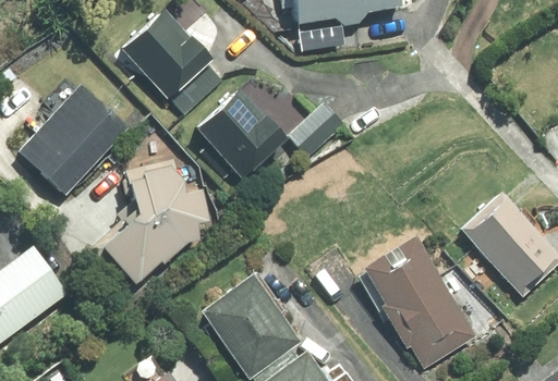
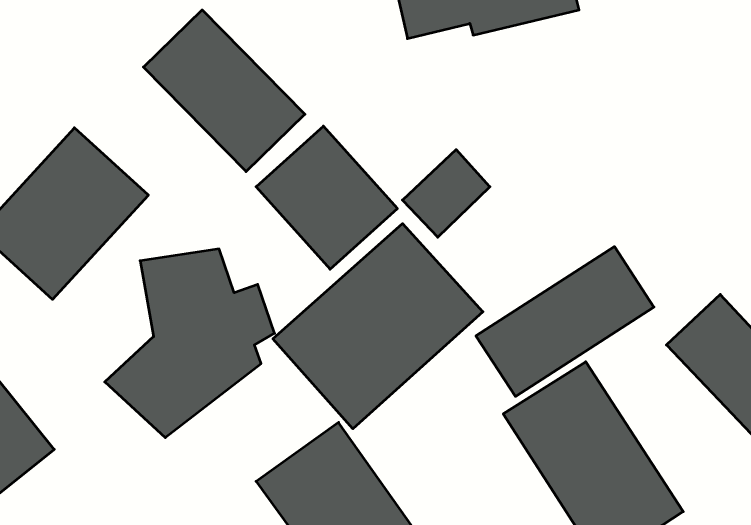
building: none -> [273,224,483,429]
building: none -> [476,247,654,396]

